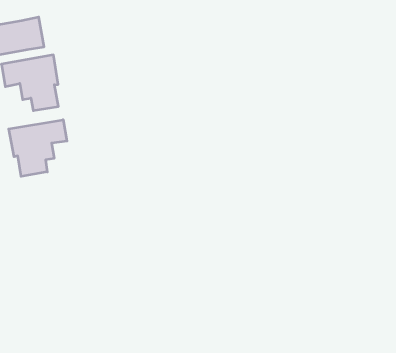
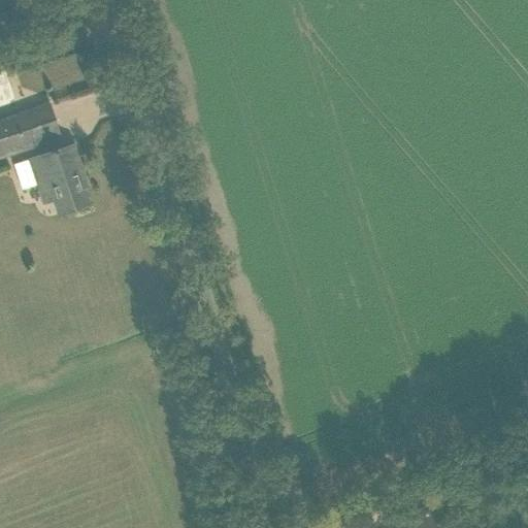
building: [9,120,67,176] -> none

